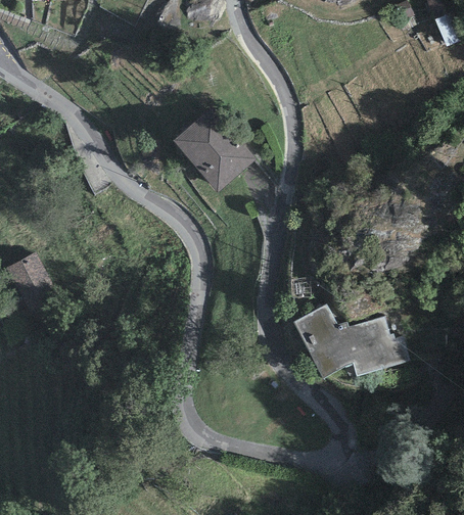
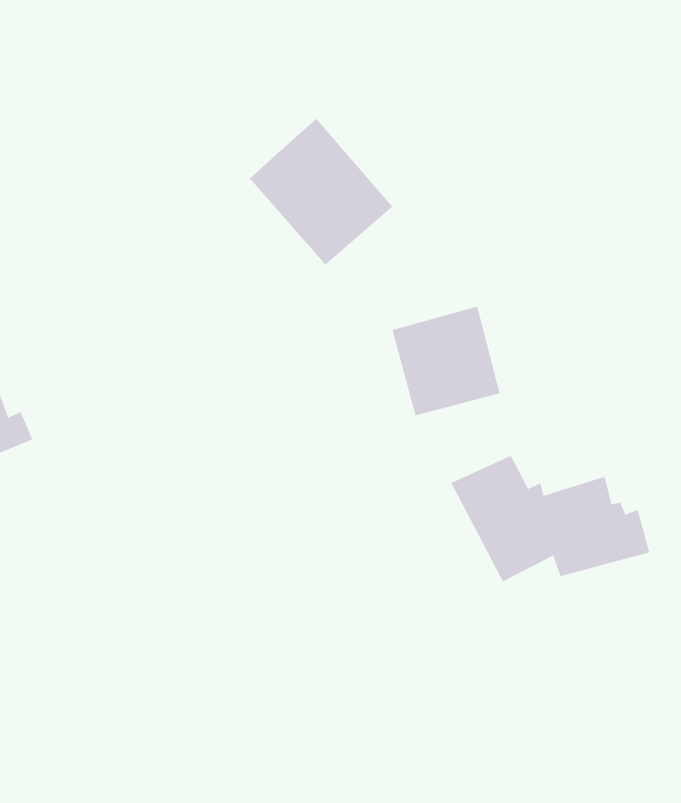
building: none -> [392,306,500,416]

